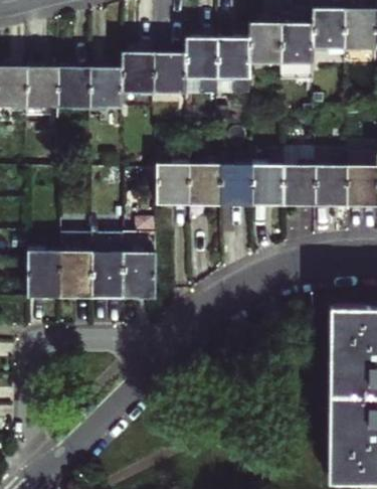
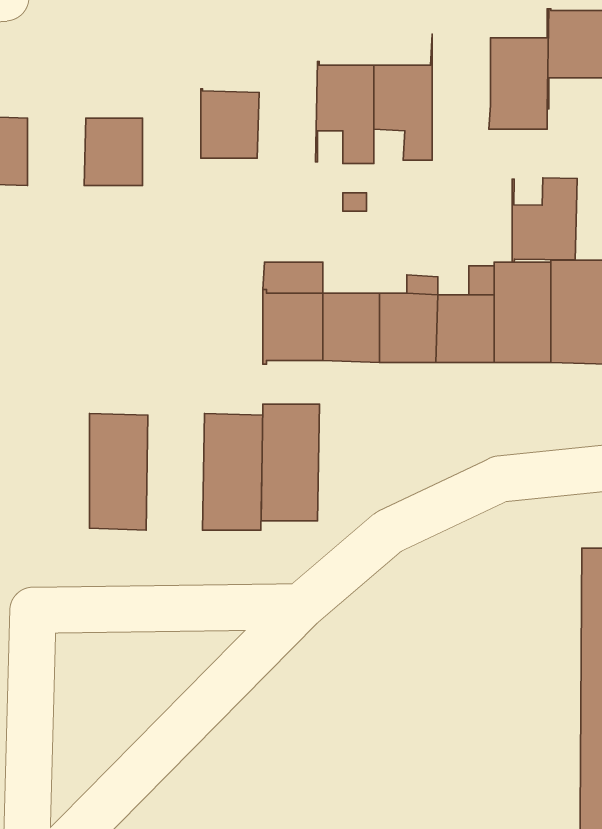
building: [248,23,280,62] -> none
building: [152,38,185,94] -> none
building: [88,53,121,109] -> none
building: [25,69,57,107] -> none
building: none -> [512,178,577,262]
building: [90,232,123,297] -> [261,404,319,521]
building: [26,252,59,297] -> none

